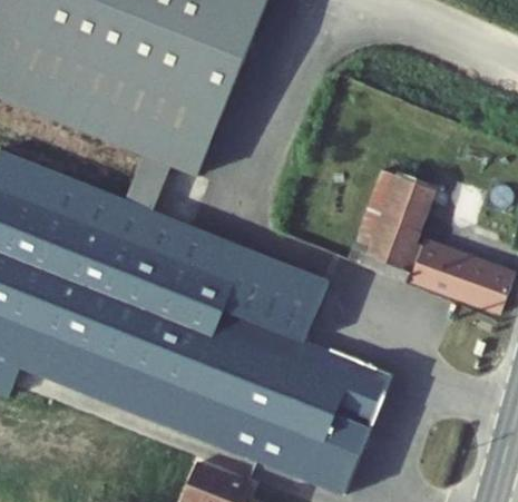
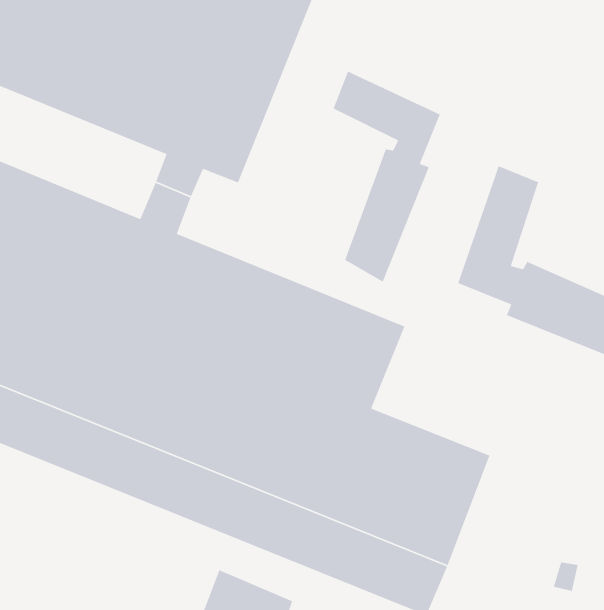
building: none -> [332,70,441,283]

